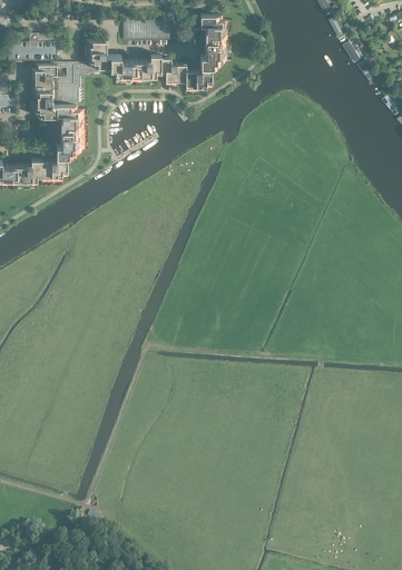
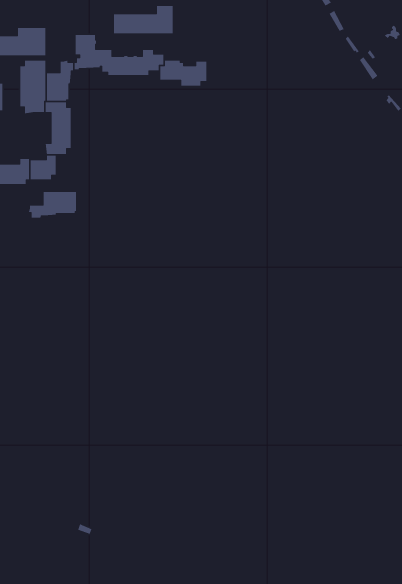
building: [198,13,224,65] -> none
building: none -> [28,191,77,219]

